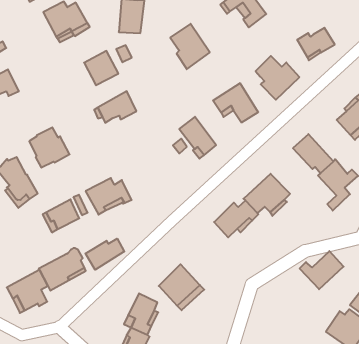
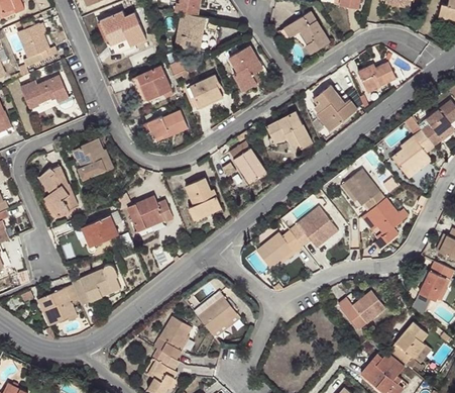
building: none -> [189,74,222,105]
building: none -> [185,178,220,219]
building: [85,239,124,270] -> none

